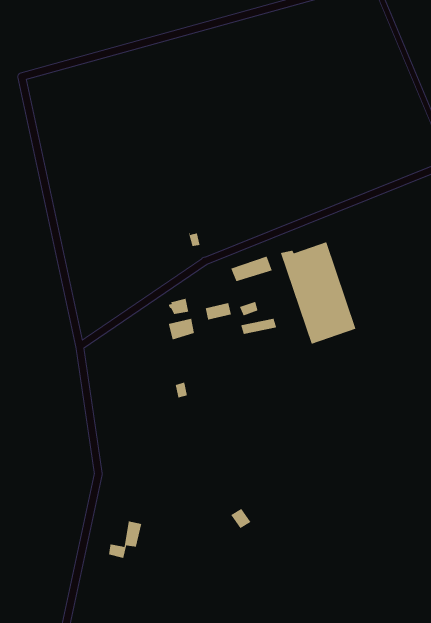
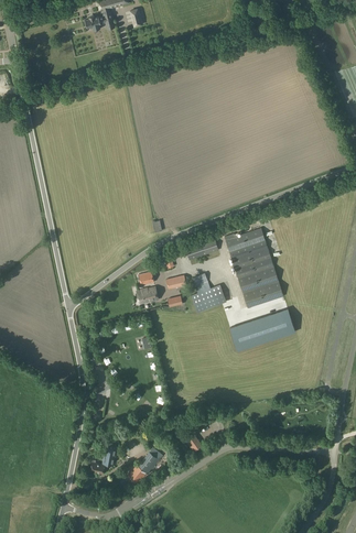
building: none -> [230,308,295,350]
building: none -> [127,447,163,483]

